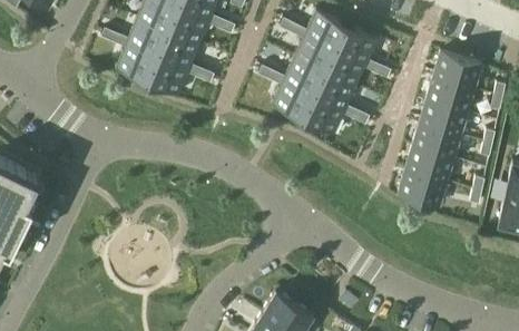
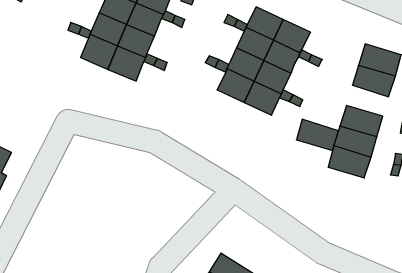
building: [420,99,468,135] -> [296,119,338,150]

